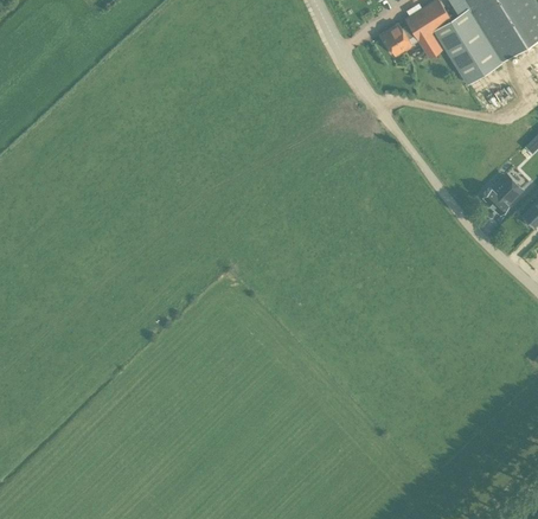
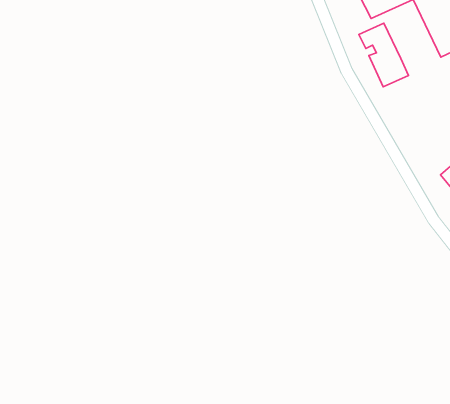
building: none -> [359,23,408,87]

